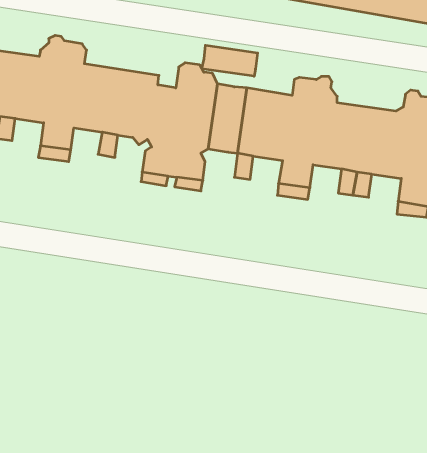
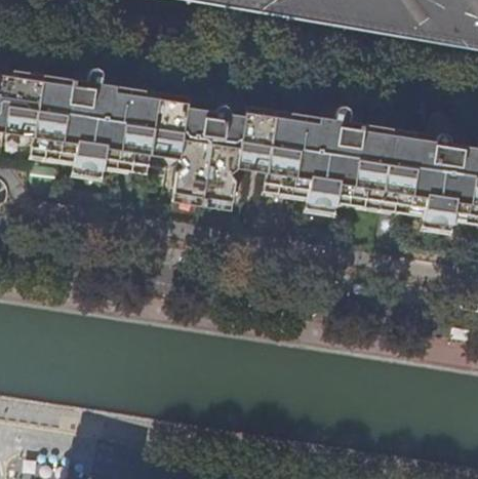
building: [202,45,258,76] -> none

